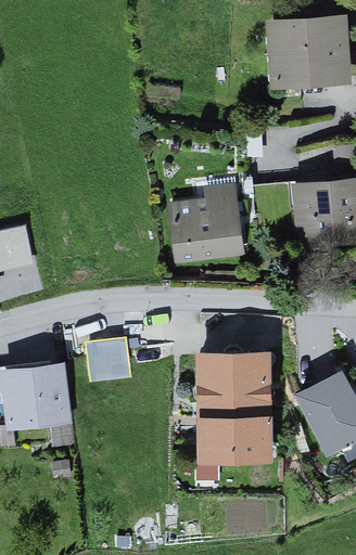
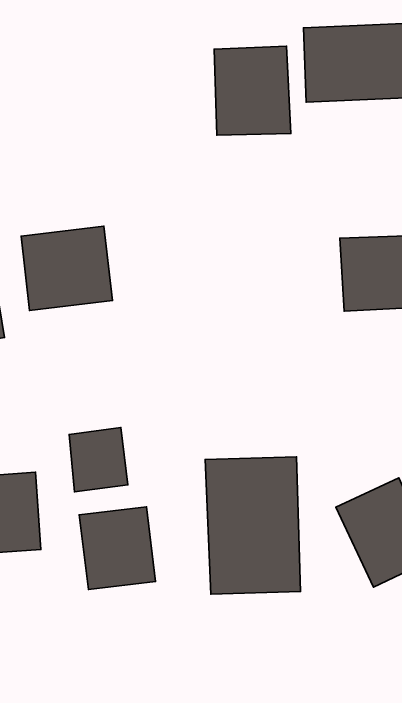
building: none -> [214,46,291,135]
building: [173,198,243,263] -> [21,226,112,310]
building: none -> [79,507,156,590]

